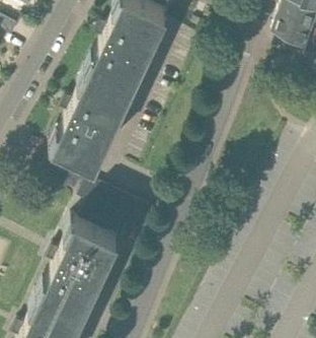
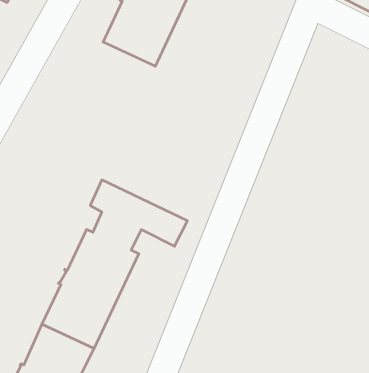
building: [38,67,131,192] -> none

